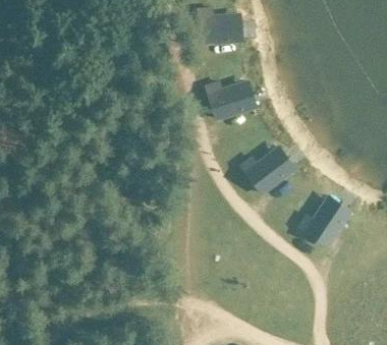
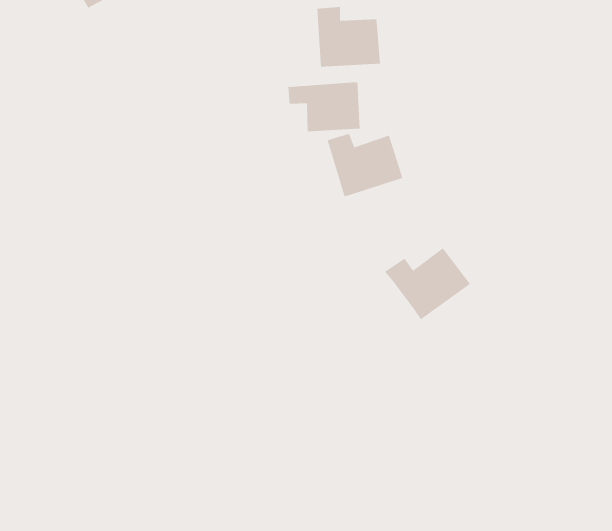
building: none -> [288,82,360,132]
building: [299,199,348,244] -> none

